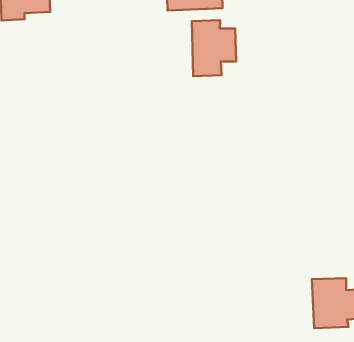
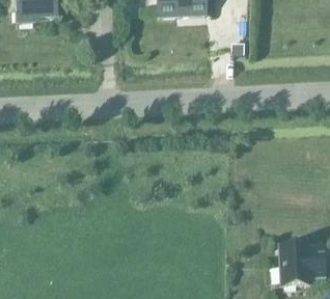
building: [192,20,236,76] -> none

